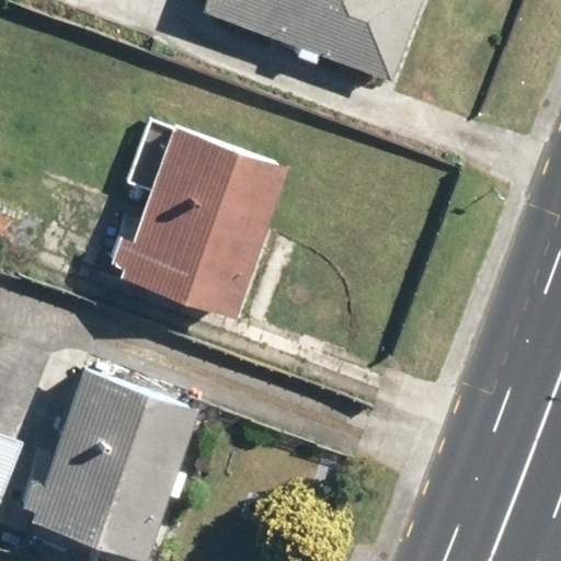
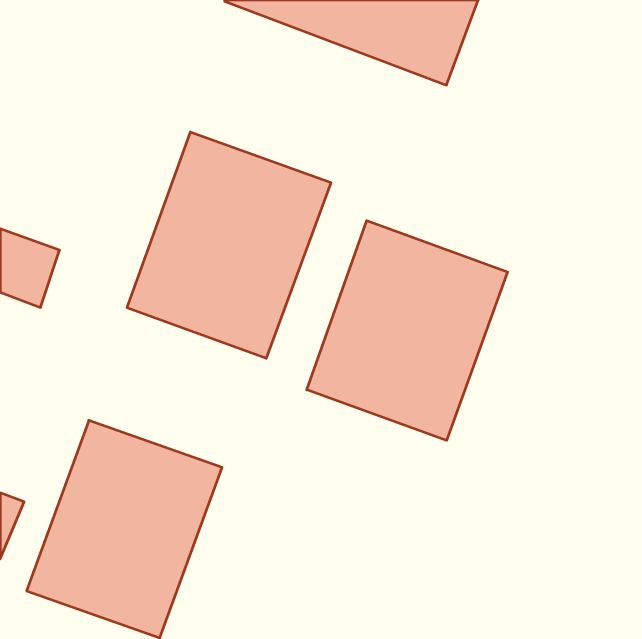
building: none -> [307,221,508,440]

